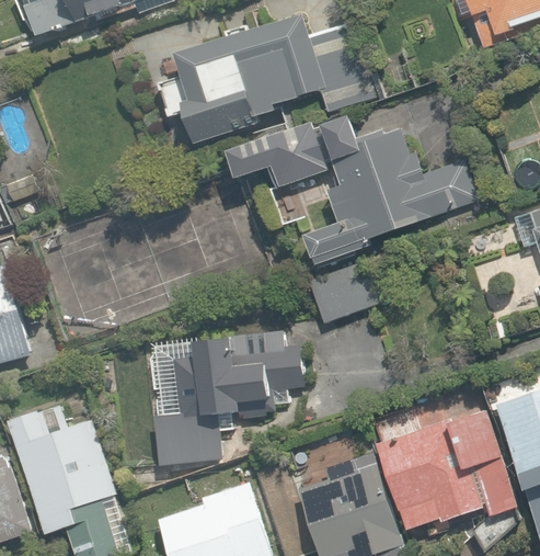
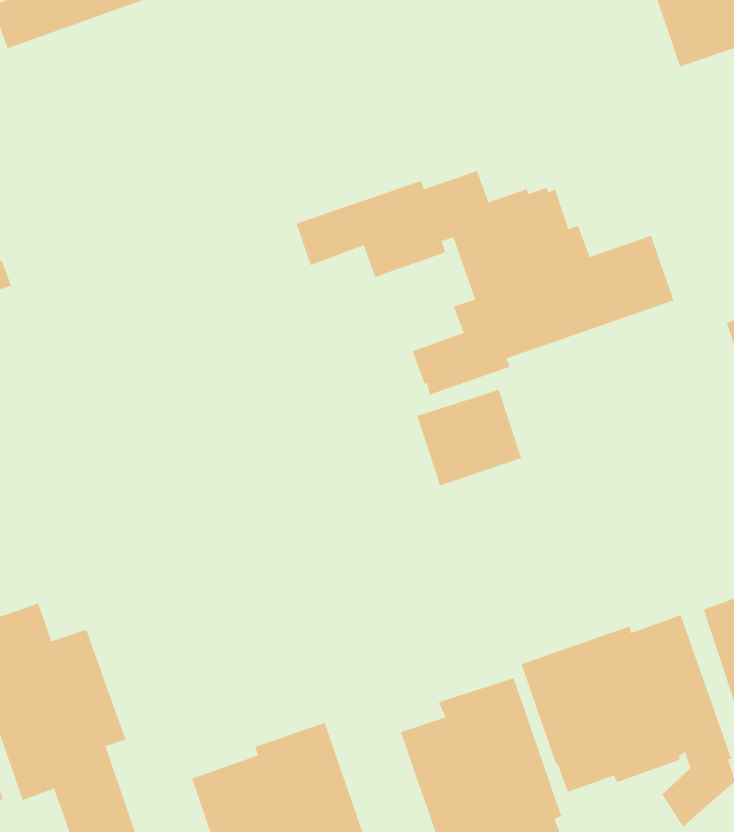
building: [158,16,375,145] -> none
building: [153,330,300,465] -> none

